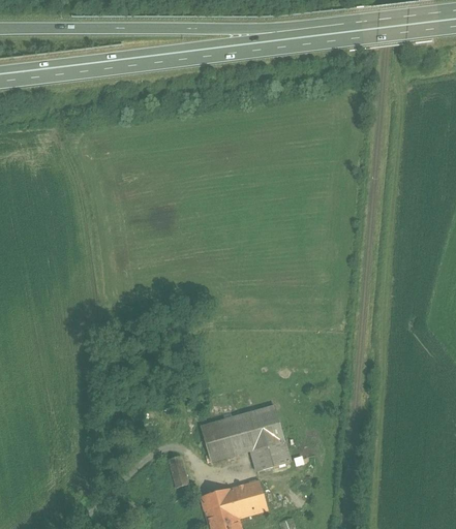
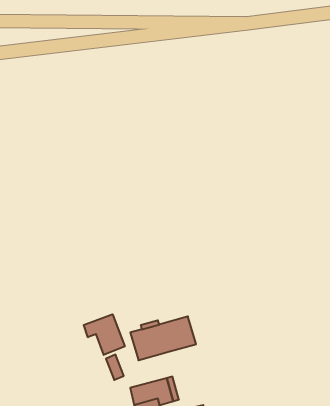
building: none -> [84,314,125,355]
building: [250,441,290,472] -> none

